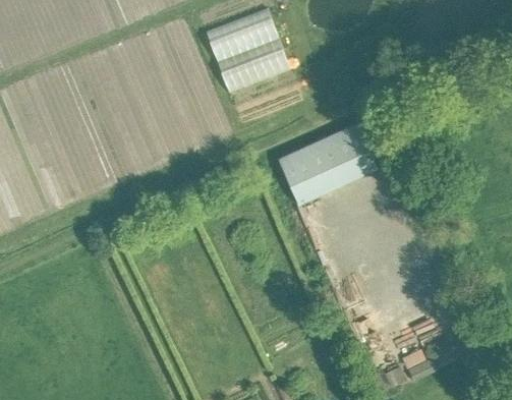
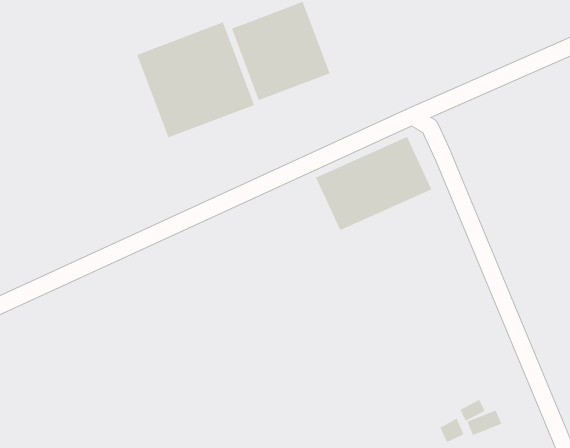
building: none -> [137,22,255,138]

